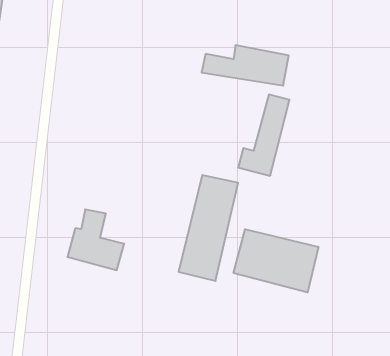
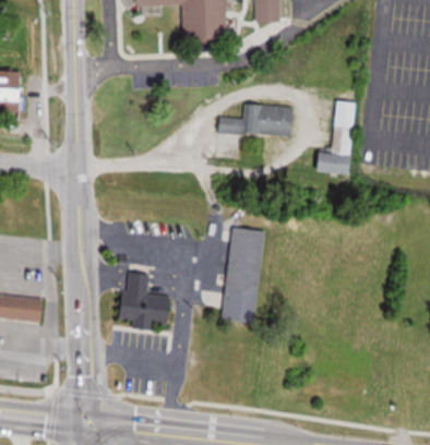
building: [238,94,290,176] -> [319,100,357,175]
building: [234,229,319,292] -> none

